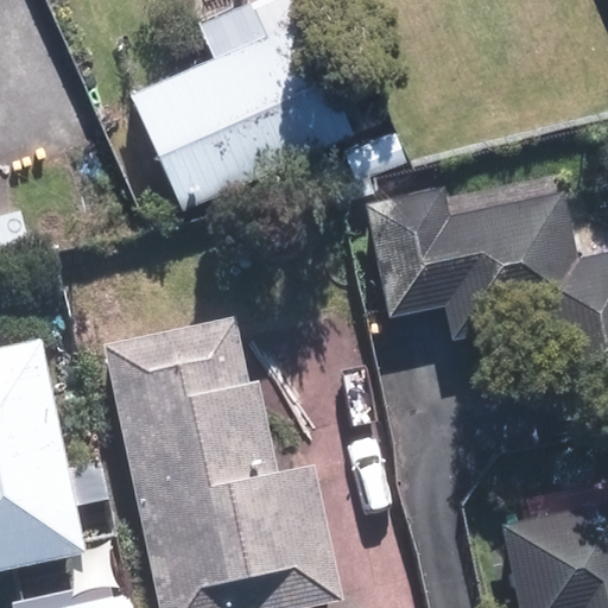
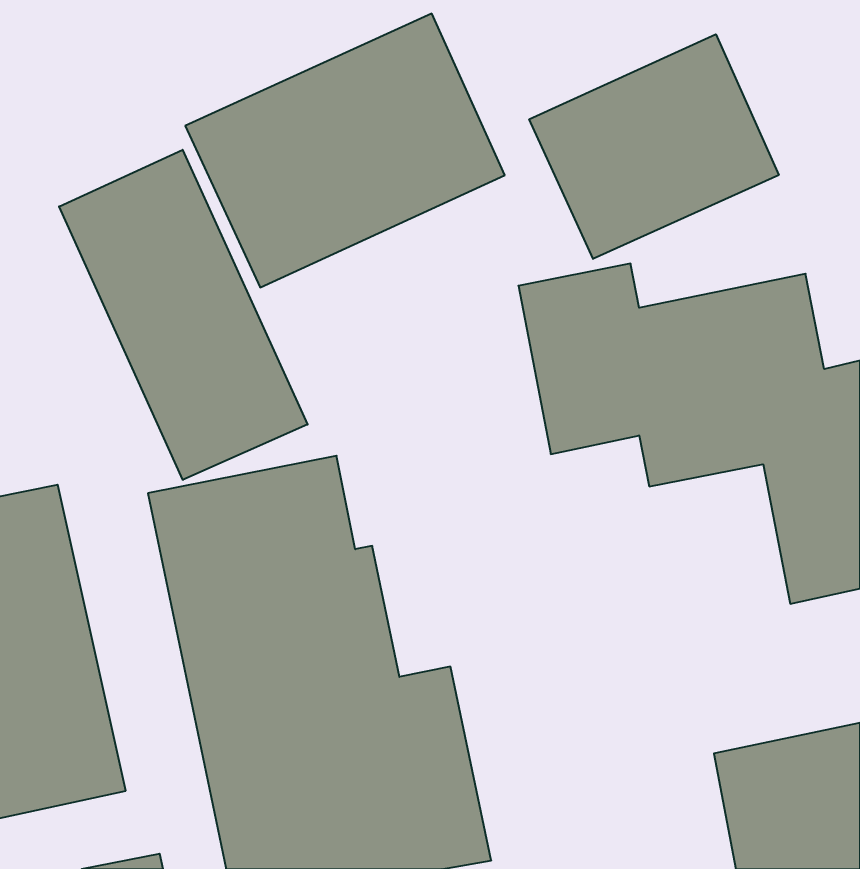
building: none -> [529,34,779,259]
building: none -> [59,150,308,480]

